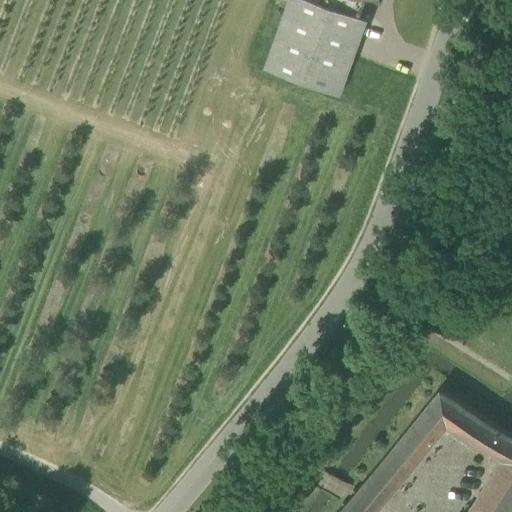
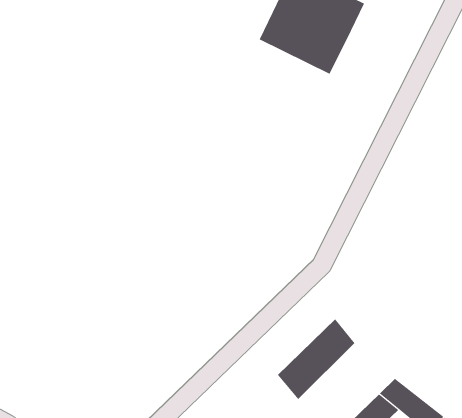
building: none -> [277,318,355,400]

